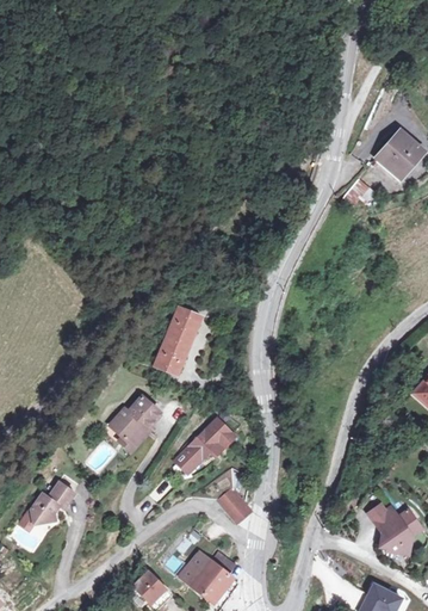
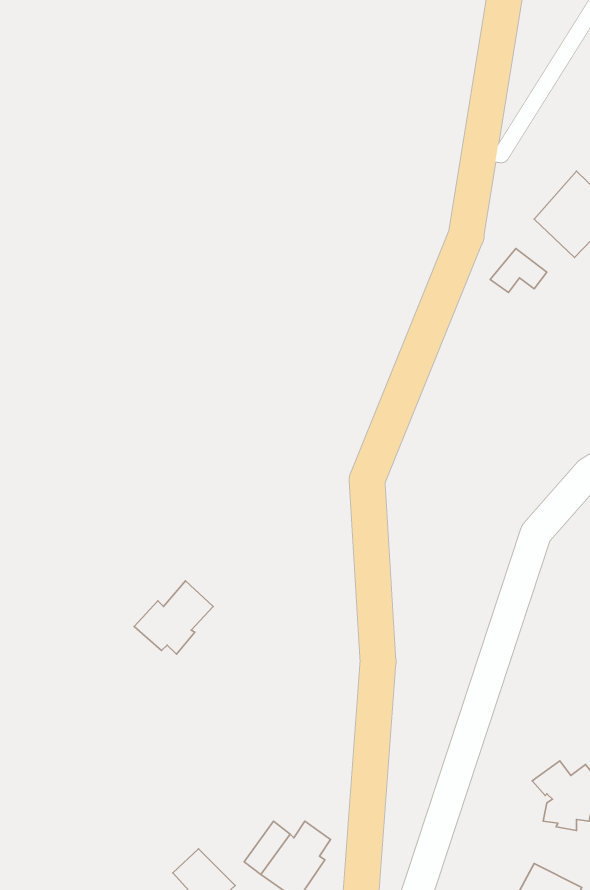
building: [151,308,199,376] -> none
building: [178,420,231,474] -> none
building: [27,487,73,529] -> none
building: [221,490,254,524] -> none

